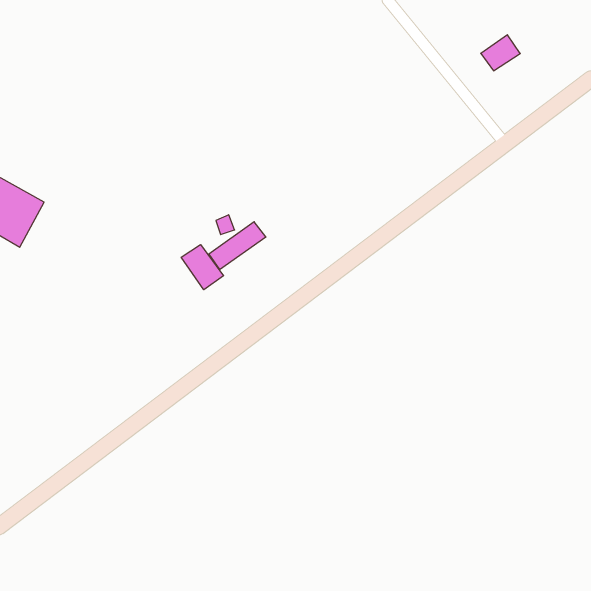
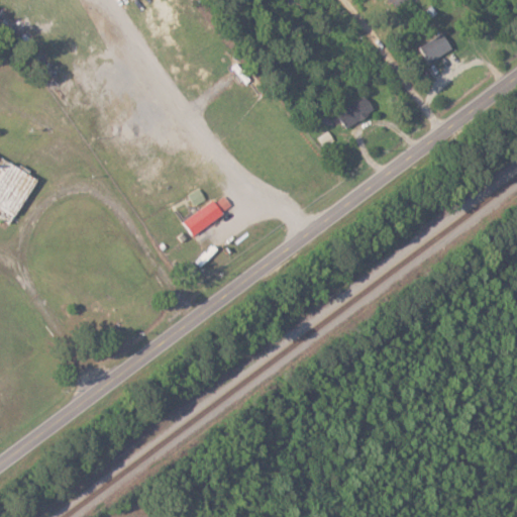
building: none -> [336,95,374,131]
building: [181,245,224,290] -> none

